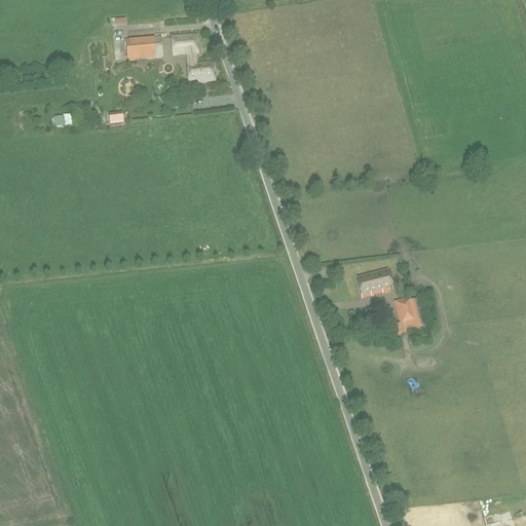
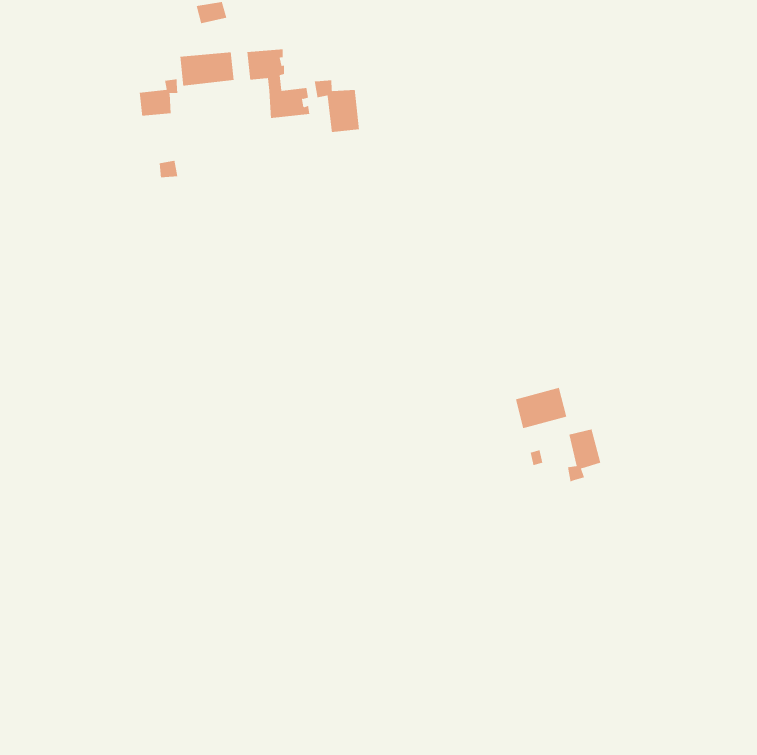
building: none -> [139,78,178,116]
building: none -> [314,80,359,133]

